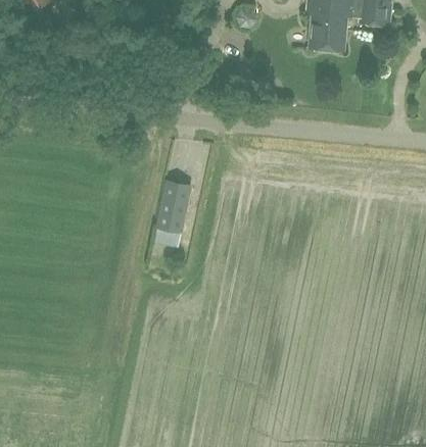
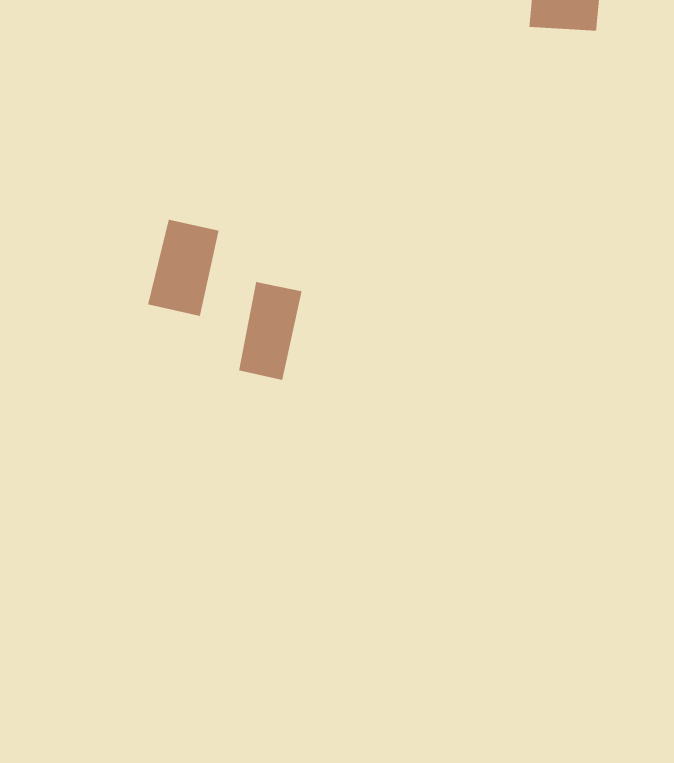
building: none -> [147,219,219,317]

